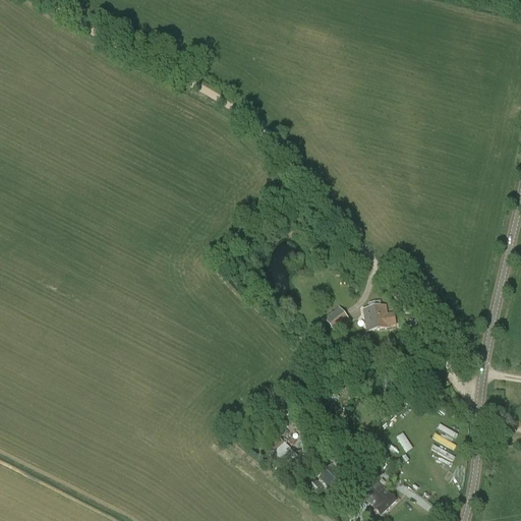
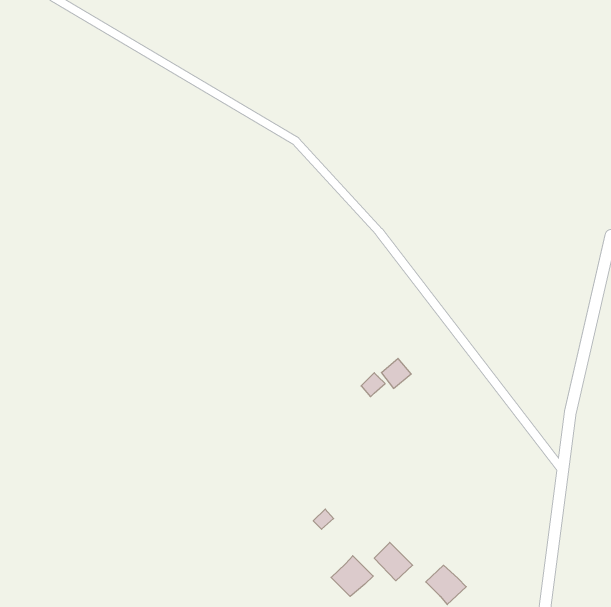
building: [363,299,396,330] -> none
building: none -> [331,556,373,596]

